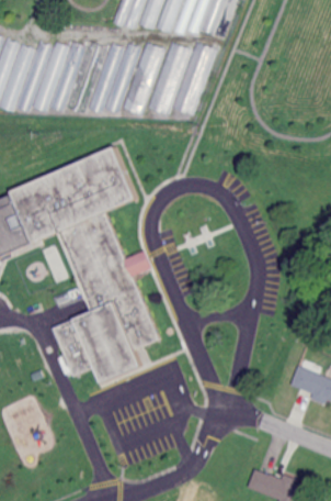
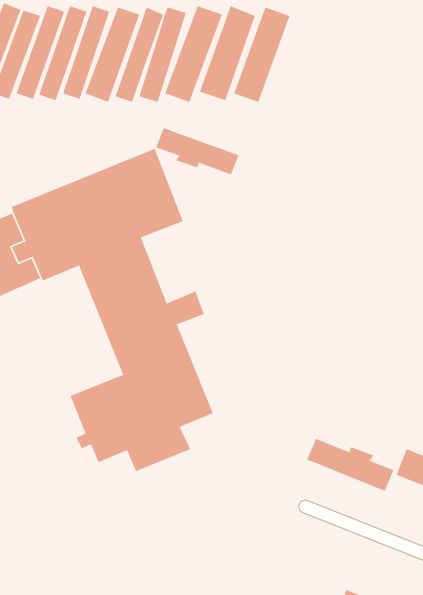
building: none -> [155,127,240,175]
building: none -> [306,438,395,492]

